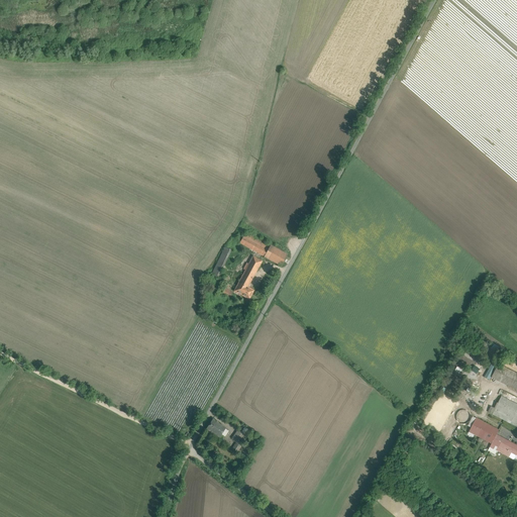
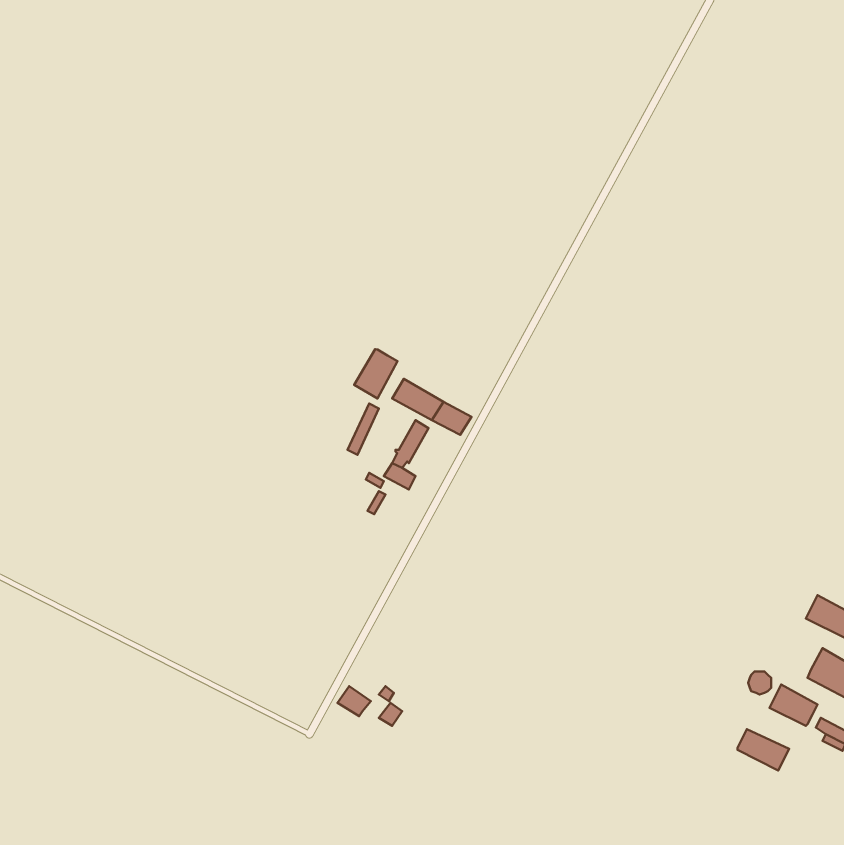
building: none -> [354,349,398,398]
building: none -> [737,729,789,770]

